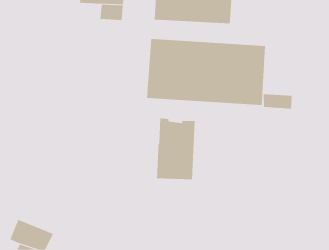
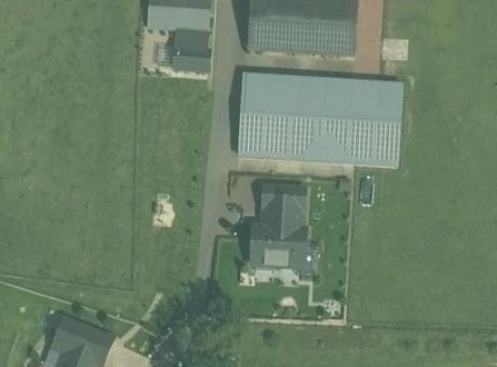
building: none -> [175,47,210,70]
building: [263,94,292,110] -> none

